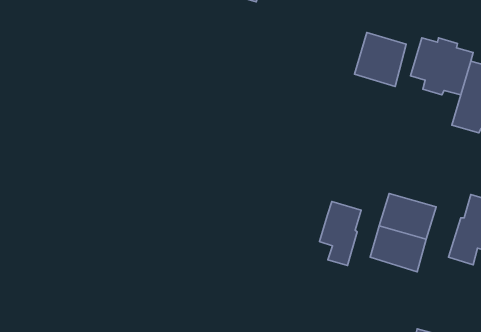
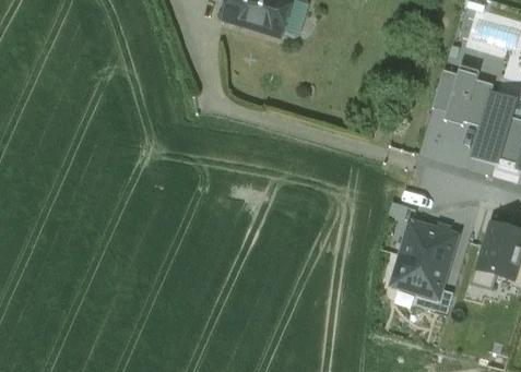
building: [355,33,406,87] -> none
building: [319,201,361,265] -> none

